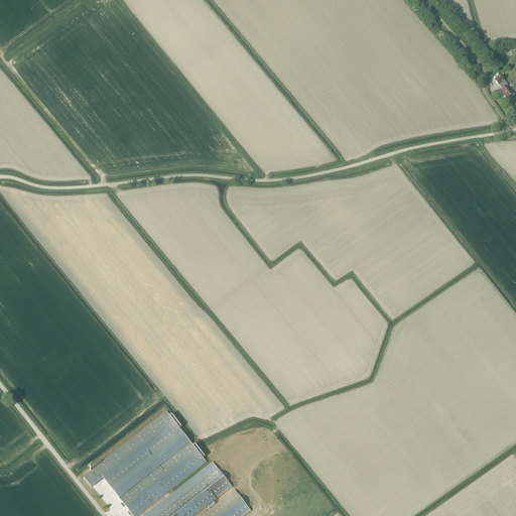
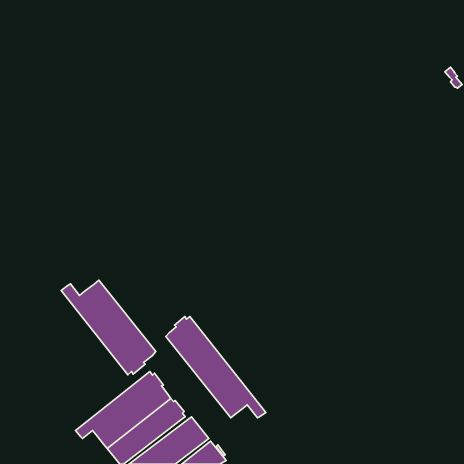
building: none -> [61,280,156,375]
building: none -> [166,316,266,418]

